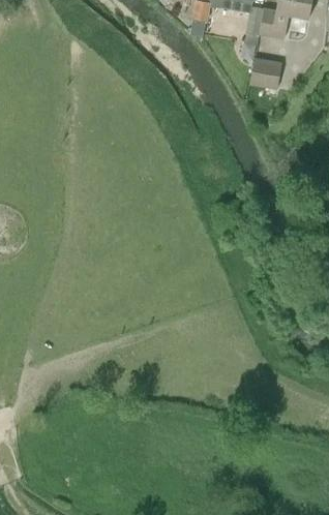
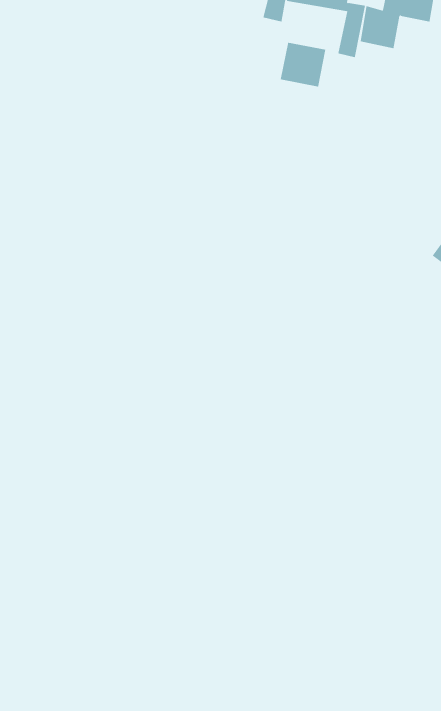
building: [250,58,282,89] -> [280,42,326,87]

